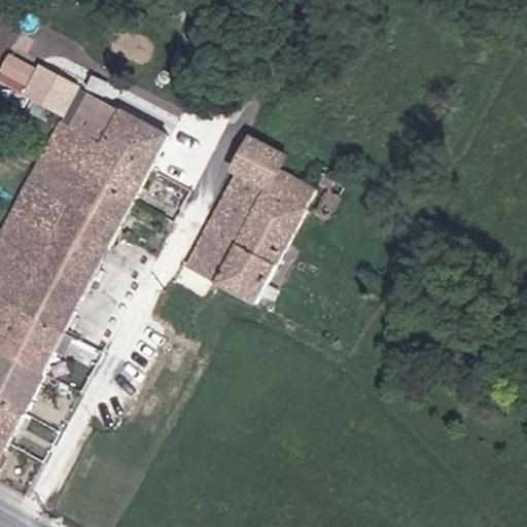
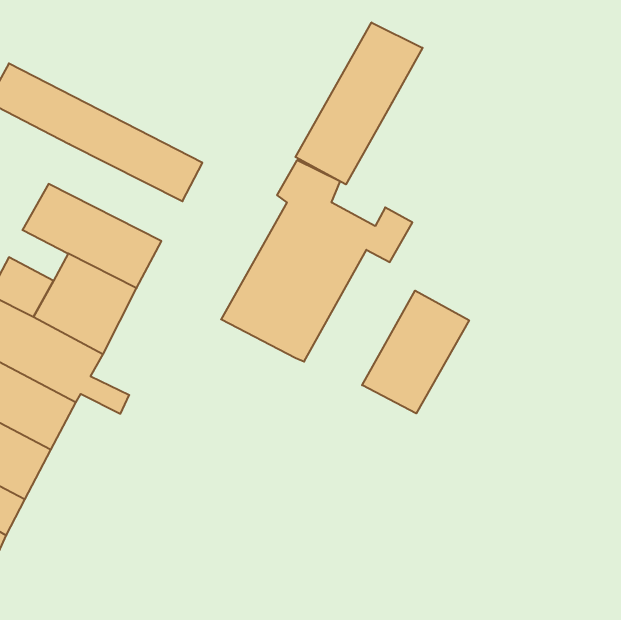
building: none -> [295,22,423,184]
building: [40,119,151,200] -> none
building: [7,190,57,233] -> none
building: none -> [362,291,469,413]

